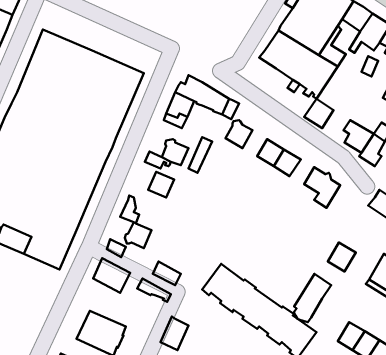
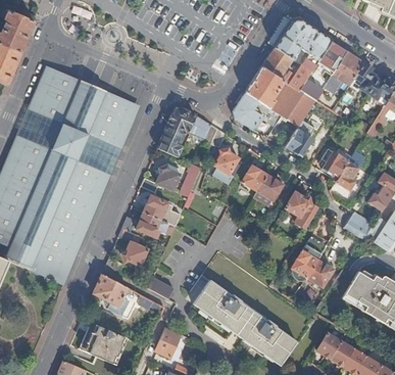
building: none -> [233,91,265,130]
building: none -> [136,212,161,238]
building: [294,274,331,322] -> [292,237,326,281]

